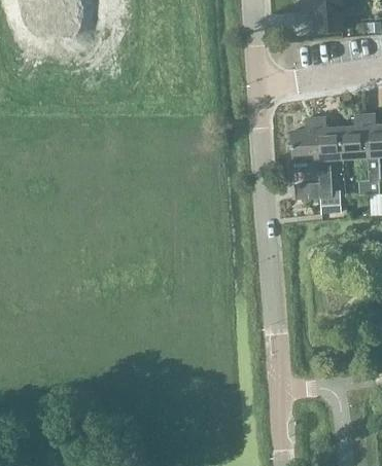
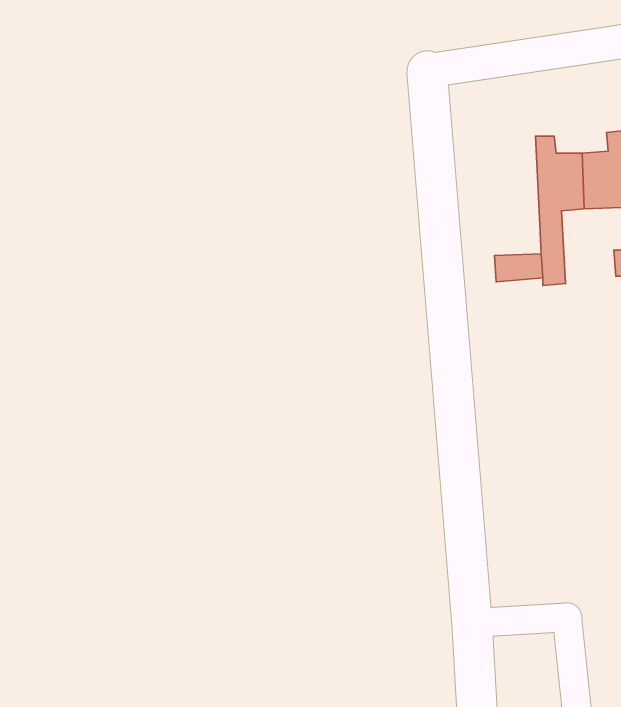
building: [291,117,317,160] -> none

